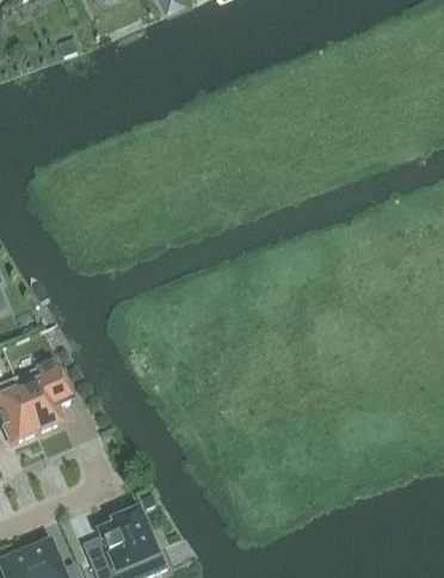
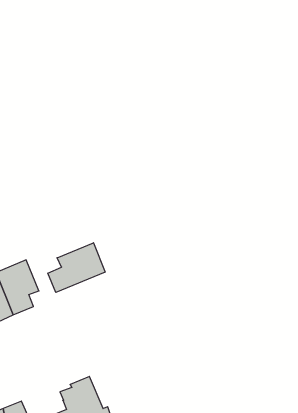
building: none -> [48,243,105,292]

